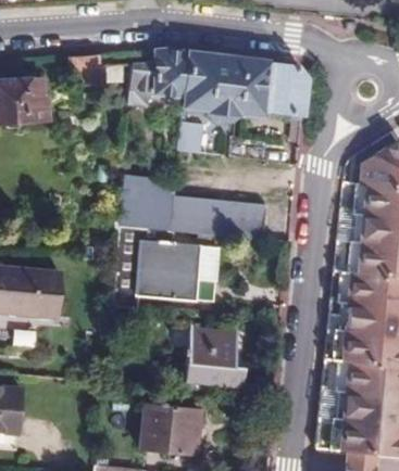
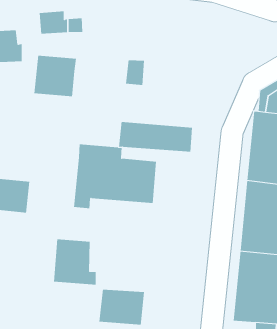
building: [134,51,308,119] -> none
building: [122,175,177,228] -> [33,55,77,97]
building: [187,324,242,383] -> [53,239,97,285]

